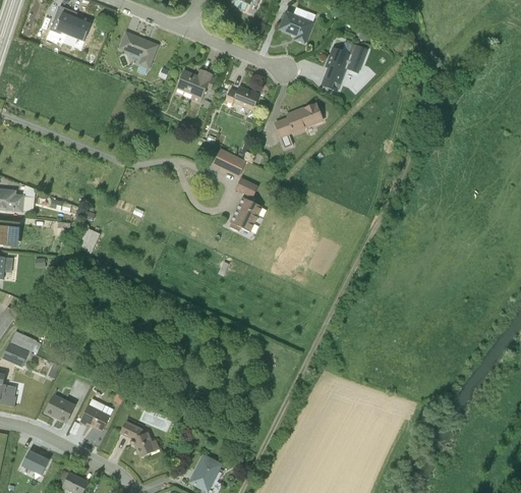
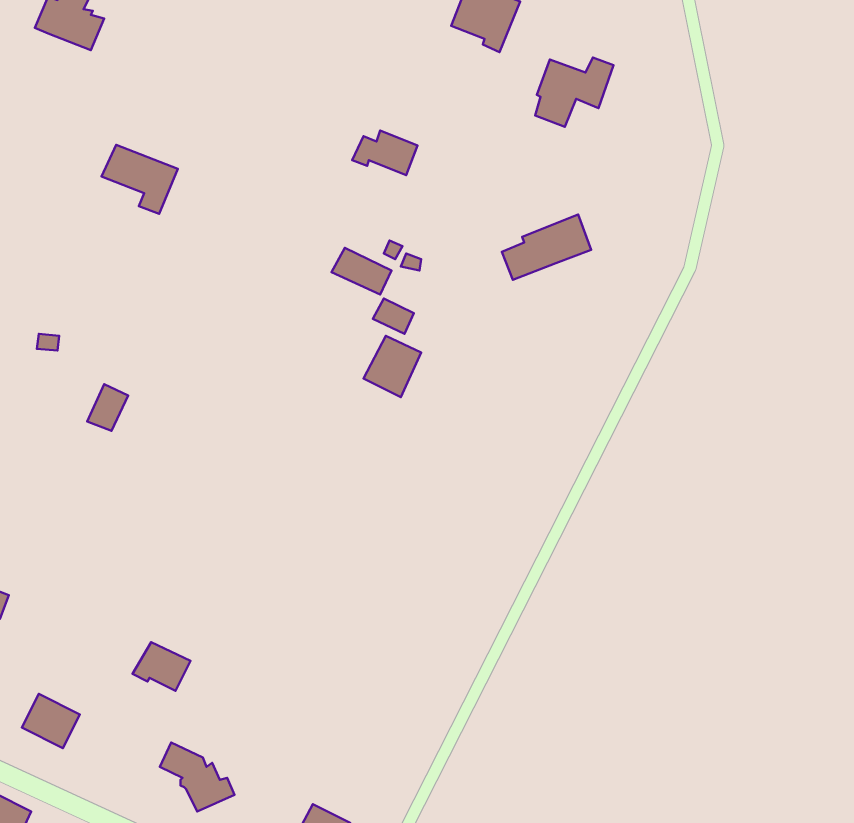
building: [117,31,159,68] -> [101,145,178,214]
building: [175,68,215,102] -> none
building: [274,102,323,138] -> [502,214,591,280]
building: [78,404,110,431] -> [133,642,190,691]

